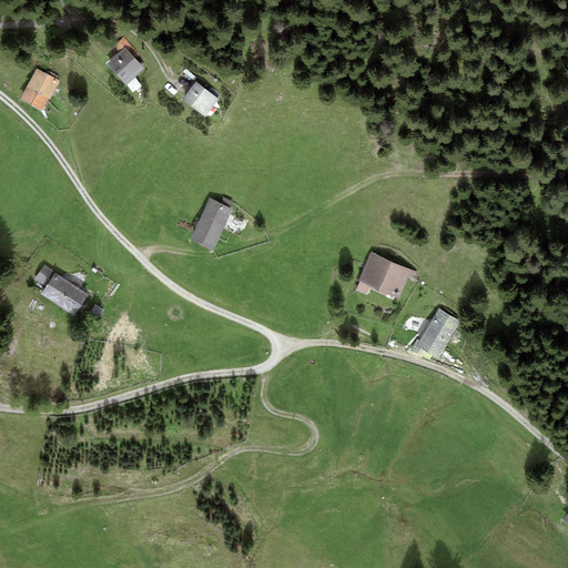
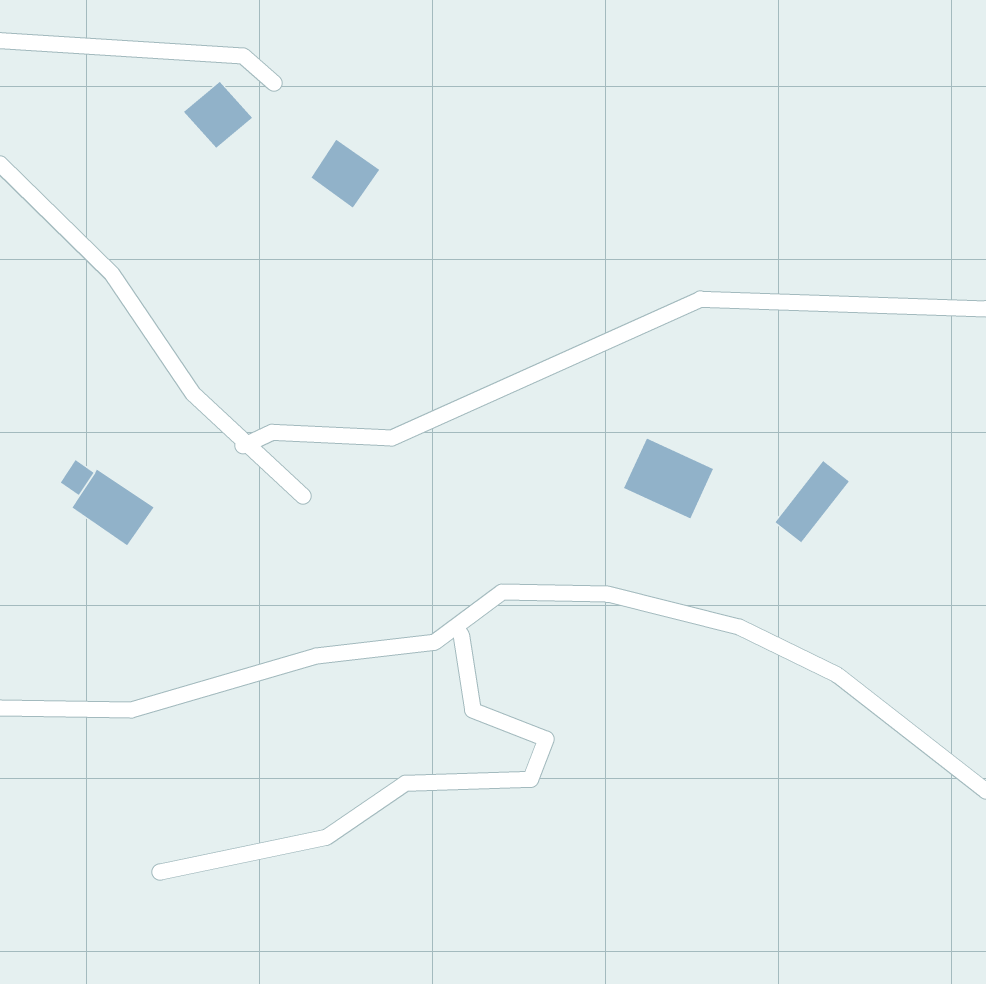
building: [19,68,57,109] -> none
building: [193,200,230,246] -> none
building: [415,308,458,356] -> [774,460,850,543]

